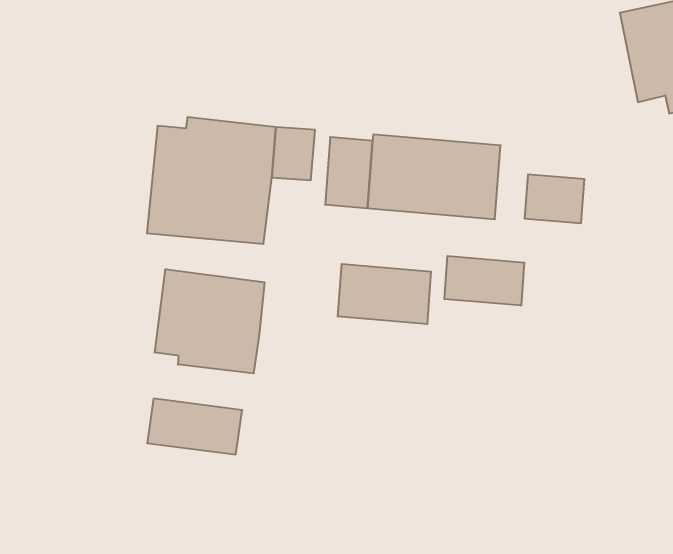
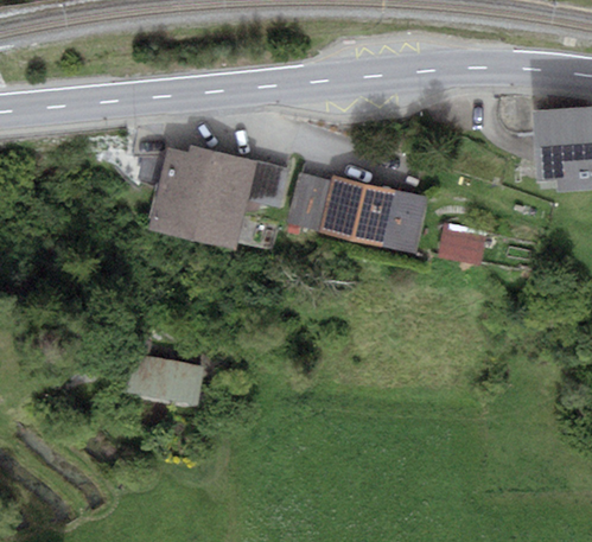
building: [444,256,524,306] -> none
building: [338,264,431,324] -> none
building: [155,269,265,373] -> none

